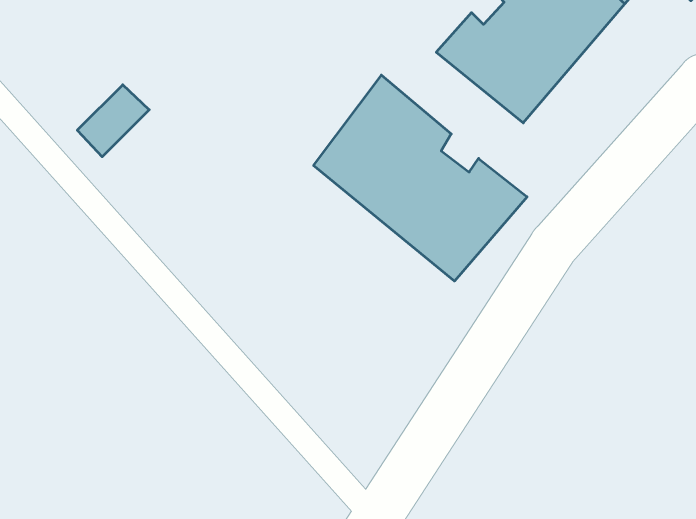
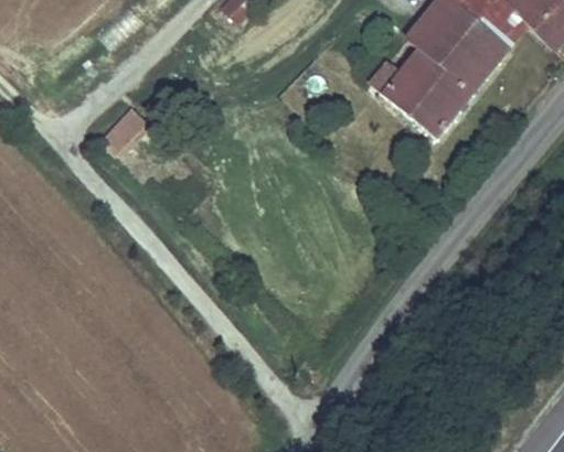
building: [314,75,527,281] -> none

